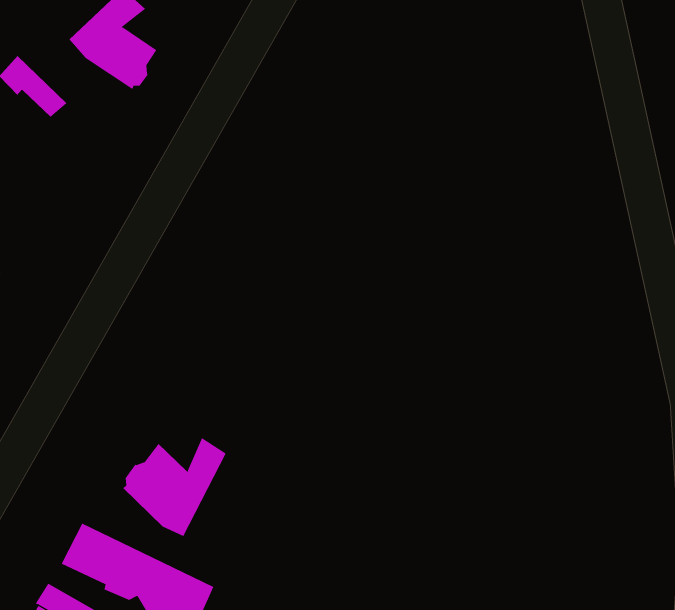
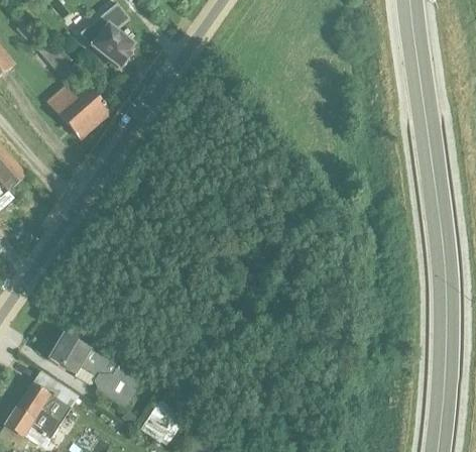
building: none -> [46,83,109,137]
building: [123,437,227,537] -> none

